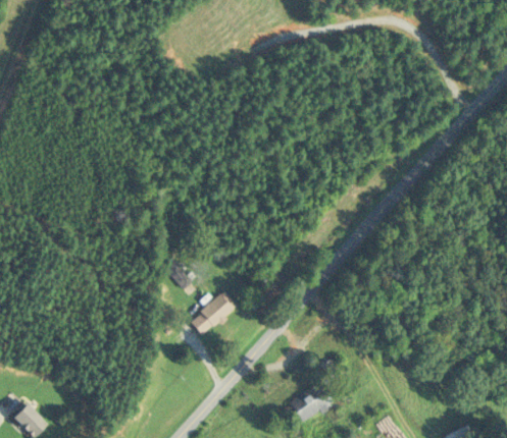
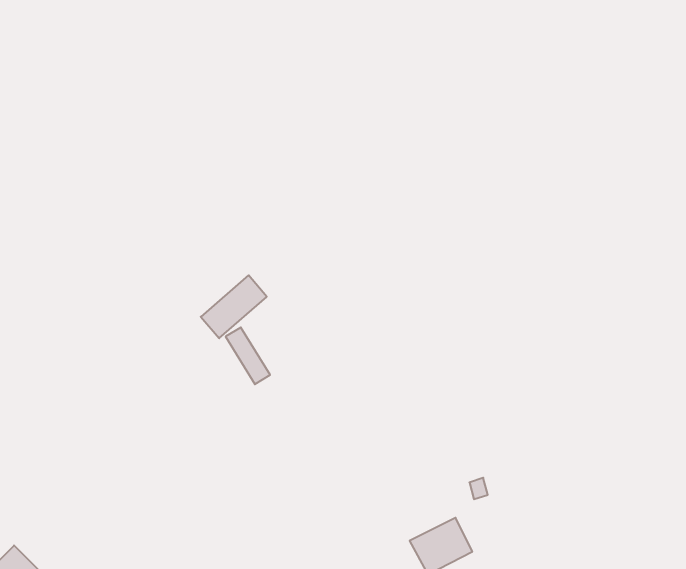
building: [193,292,237,334] -> [201,275,267,338]

